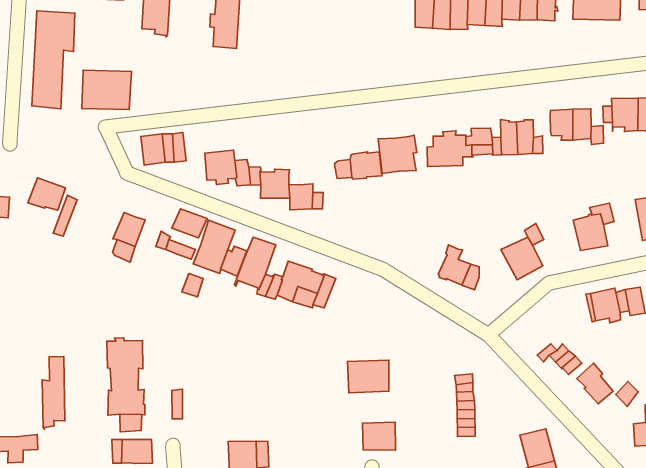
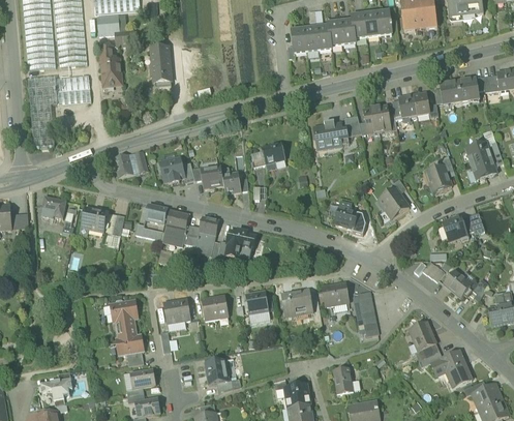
building: [82,70,132,109] -> [54,73,90,104]
building: [378,135,417,174] -> none
building: none -> [79,208,109,237]
building: none -> [163,298,190,323]
building: none -> [201,295,229,320]
building: none -> [244,291,268,313]
building: [42,357,65,429] -> none
building: [363,422,396,450] -> [322,282,347,305]

